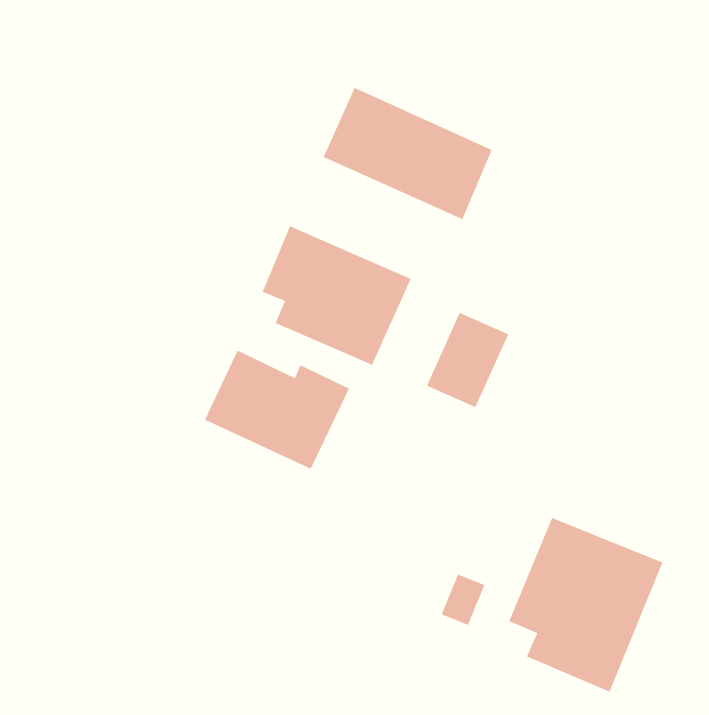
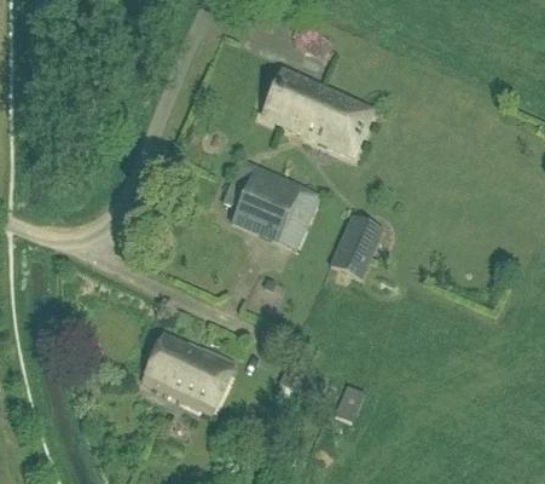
building: [204,350,350,470] -> [141,336,237,415]
building: [509,517,663,693] -> none

